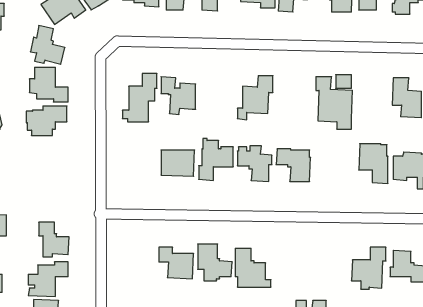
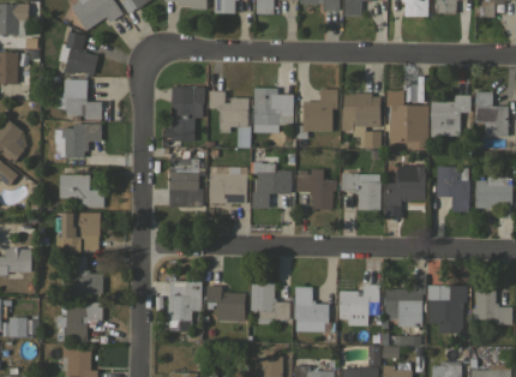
building: none -> [253,88,293,132]
building: none -> [342,92,380,148]
building: none -> [430,95,470,138]
building: none -> [169,158,205,207]
building: none -> [385,166,425,220]
building: none -> [60,175,104,208]
building: none -> [56,213,100,252]
building: none -> [384,275,426,327]
building: none -> [168,281,202,327]
building: none -> [338,285,379,325]

